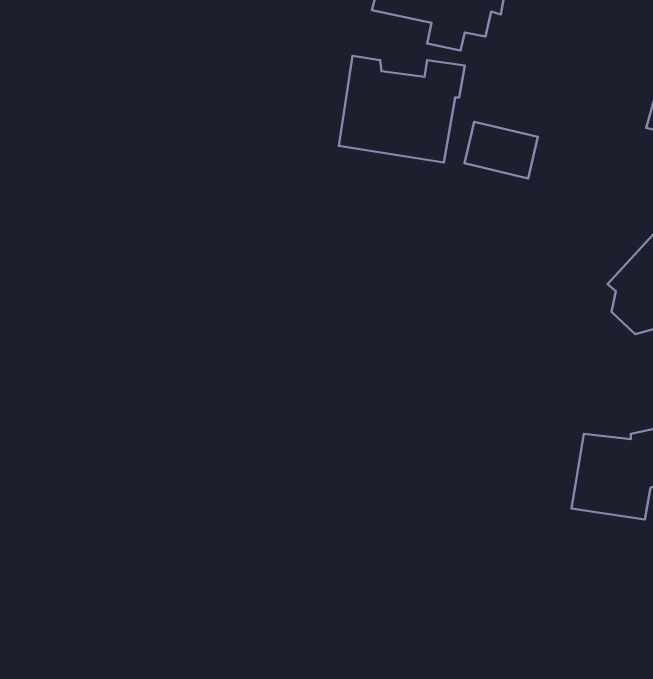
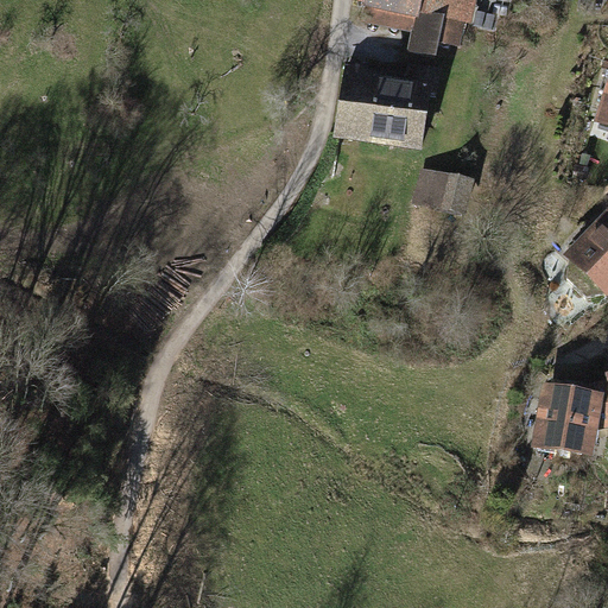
building: [464,122,538,179] -> [413,165,476,214]

